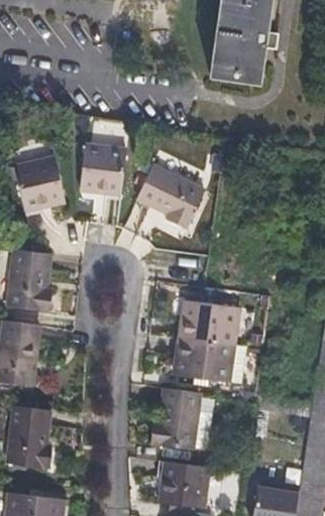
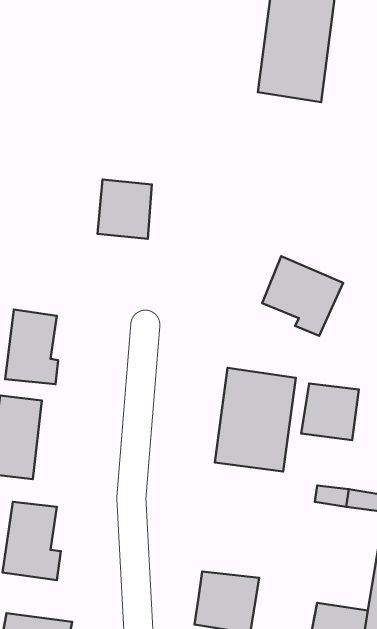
building: [16,159,65,212] -> none
building: [138,165,203,229] -> [262,256,343,336]
building: none -> [301,383,359,440]
building: [152,387,203,448] -> none

